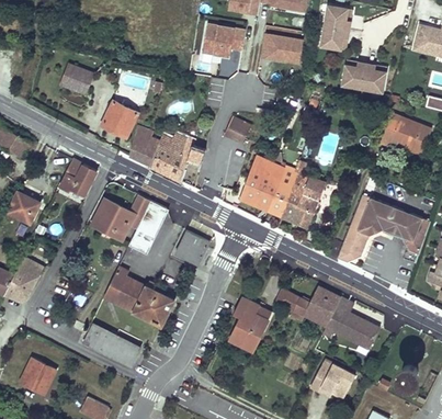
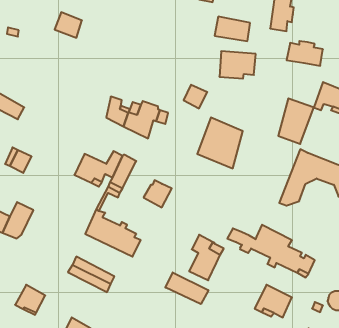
building: [202,22,246,55] -> [219,51,256,79]
building: [60,64,93,94] -> [55,12,82,38]
building: [101,100,138,137] -> none
building: [60,159,97,196] -> none
building: [282,172,325,227] -> [278,98,314,144]
building: none -> [165,272,208,304]

